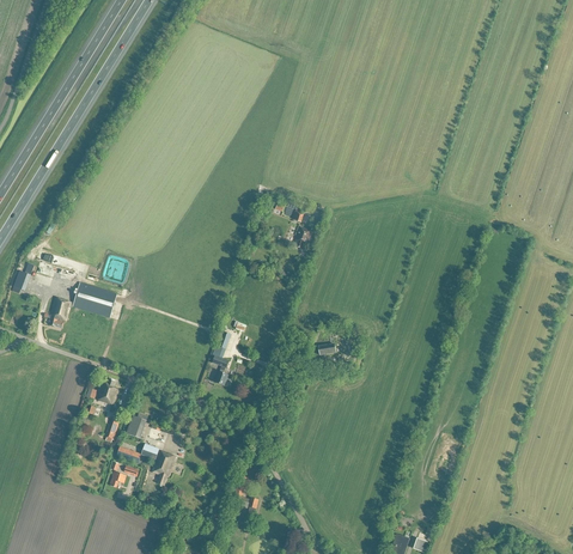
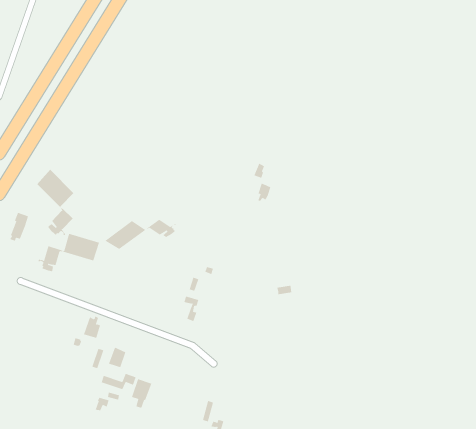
building: none -> [36,169,74,236]
building: none -> [104,219,177,250]

